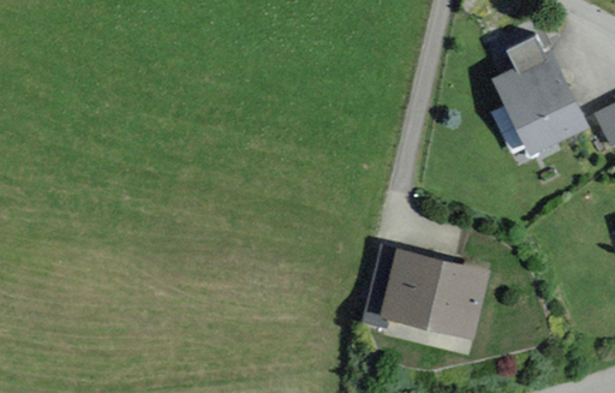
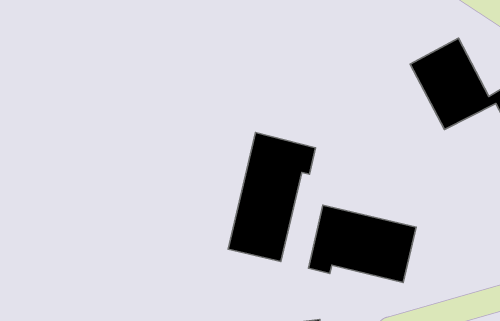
building: none -> [228,132,316,262]

